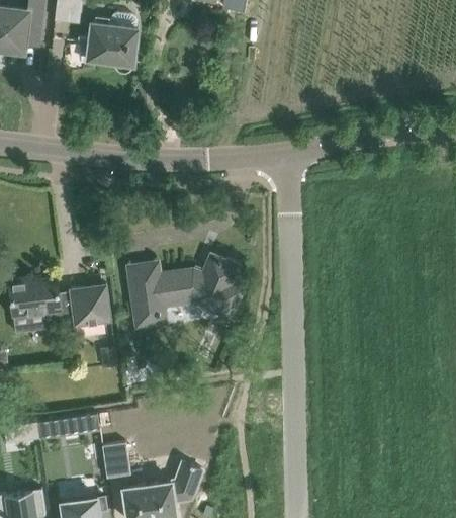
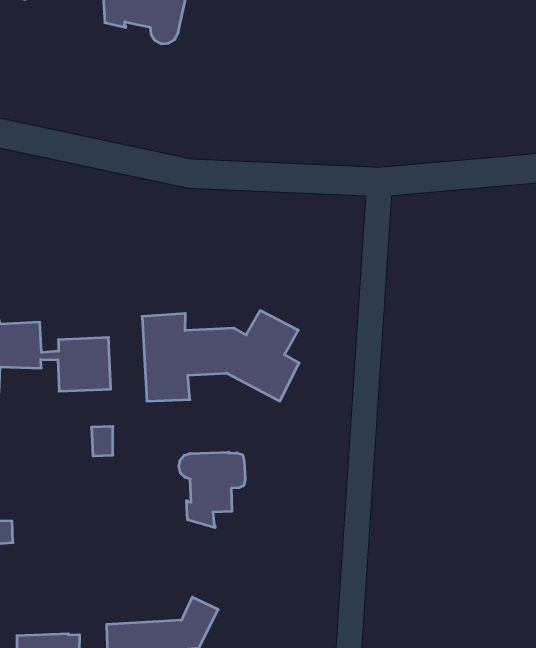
building: none -> [179,452,245,528]
building: [102,442,130,478] -> none

